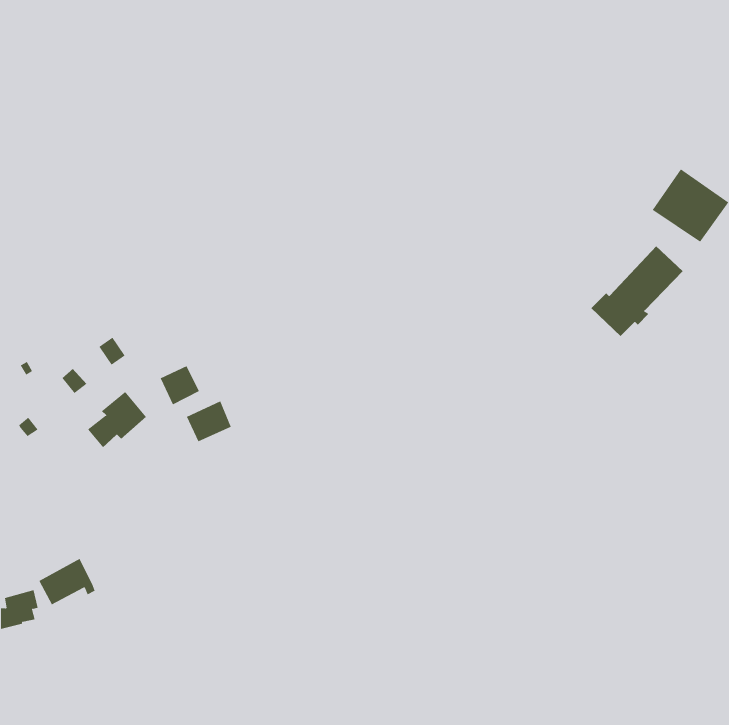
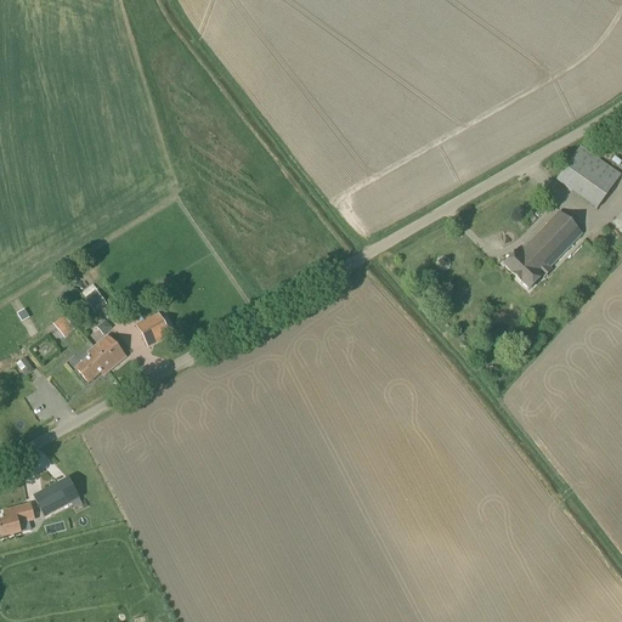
building: [186,400,231,442] -> none

